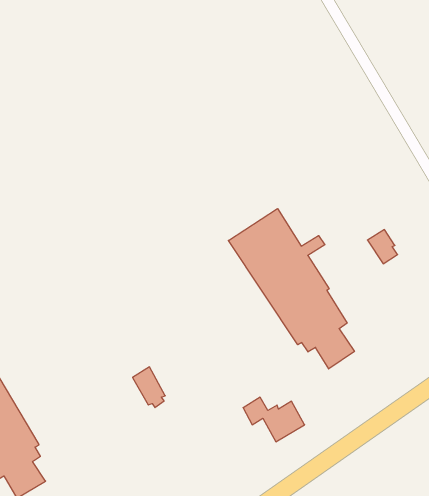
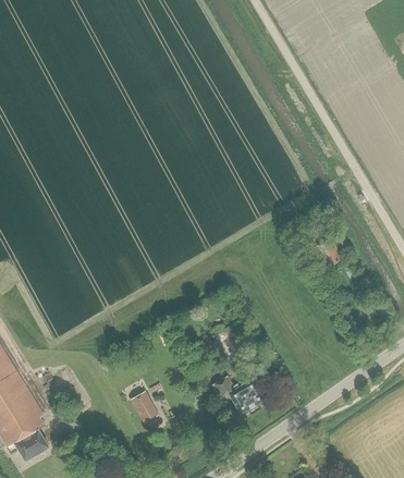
building: [228,209,354,369] -> none
building: [133,367,165,408] -> [132,391,159,425]

